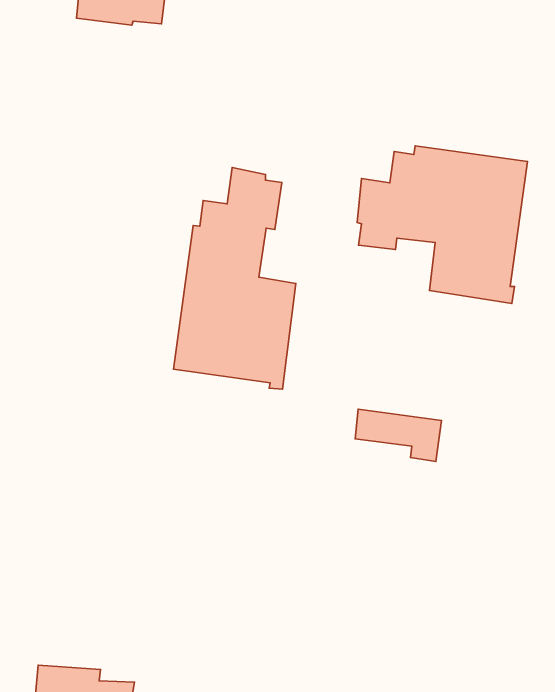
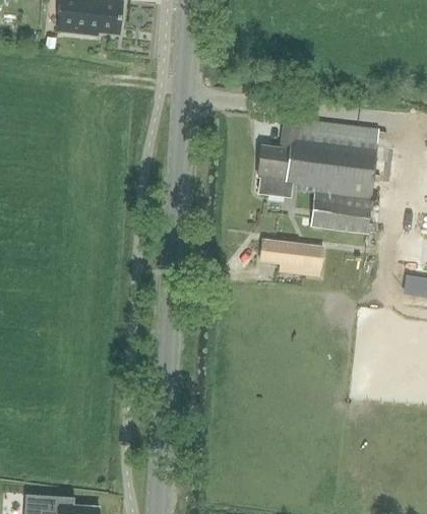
building: [174,168,296,389] -> none
building: [355,409,442,462] -> [260,240,322,277]

